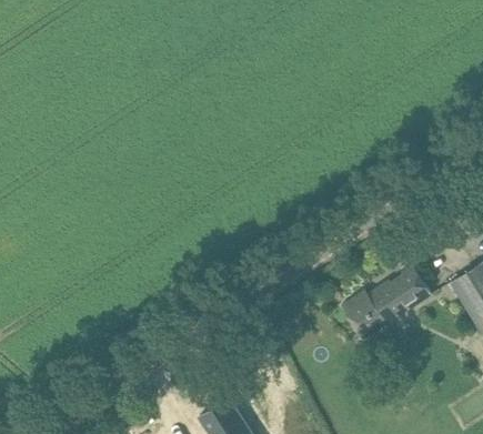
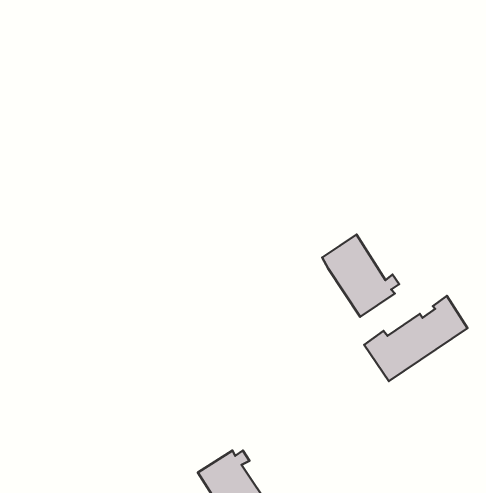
building: none -> [322,234,399,317]

